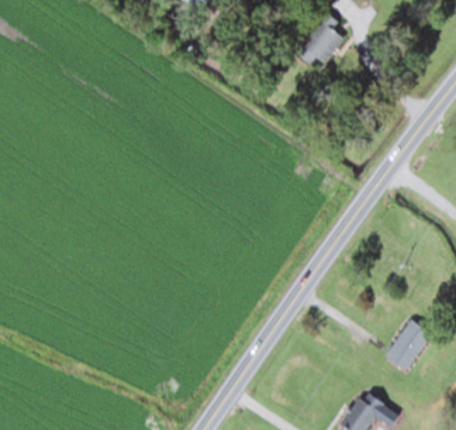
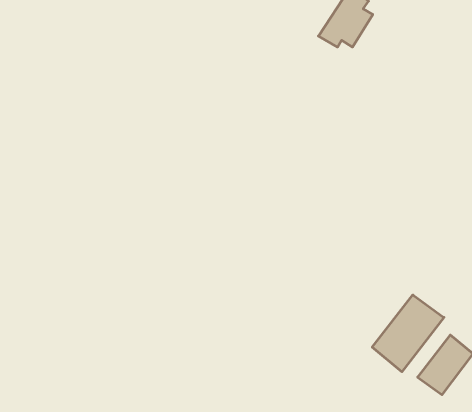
building: none -> [372,295,444,372]

